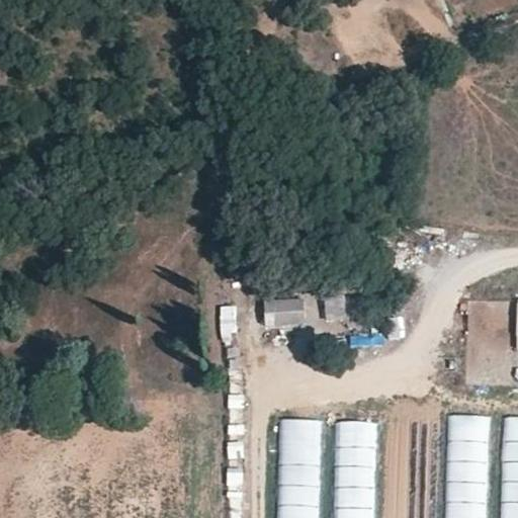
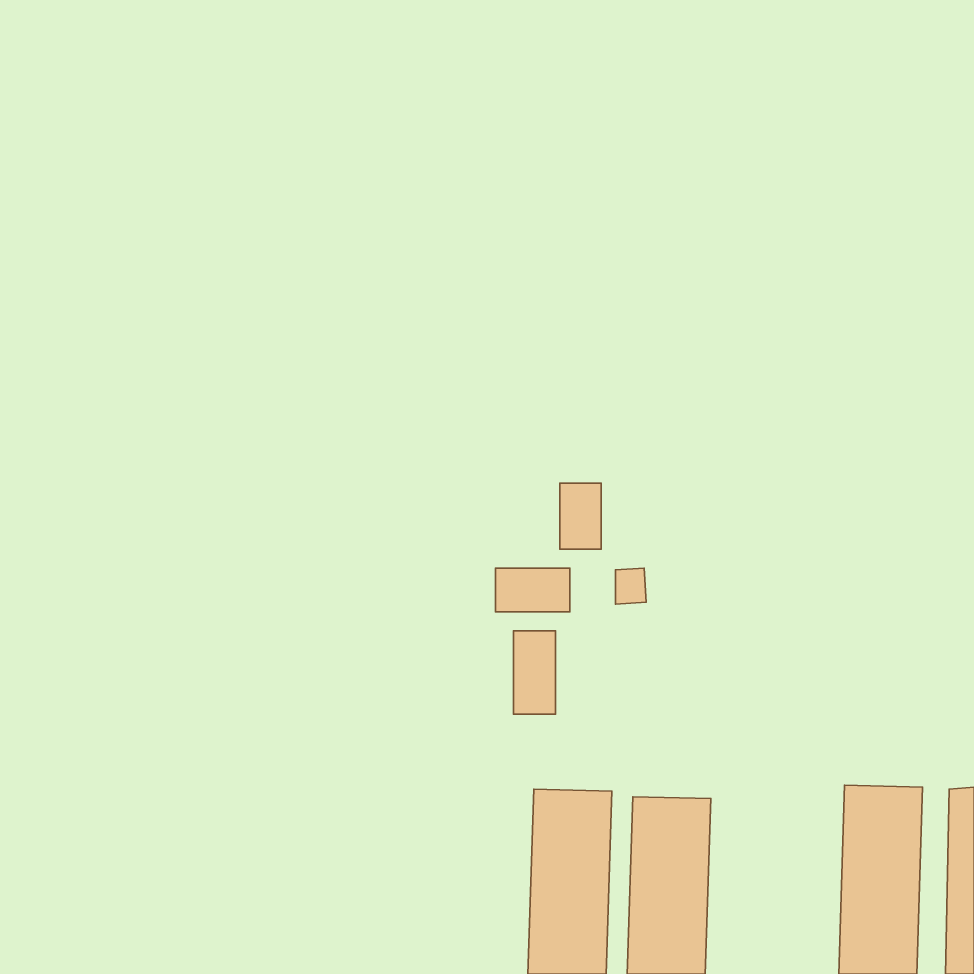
building: none -> [560,483,601,549]
building: none -> [514,631,556,714]

